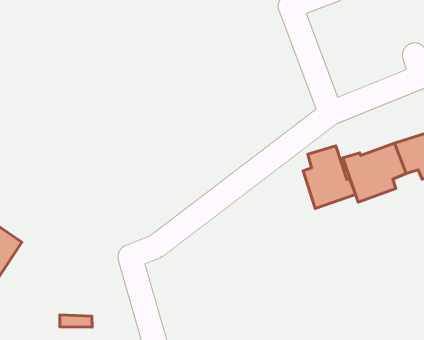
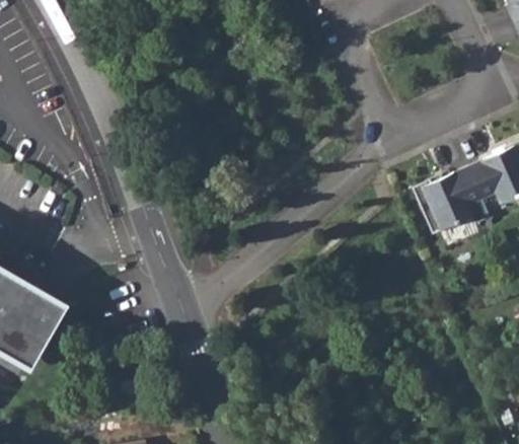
building: [303,146,355,208] -> none

